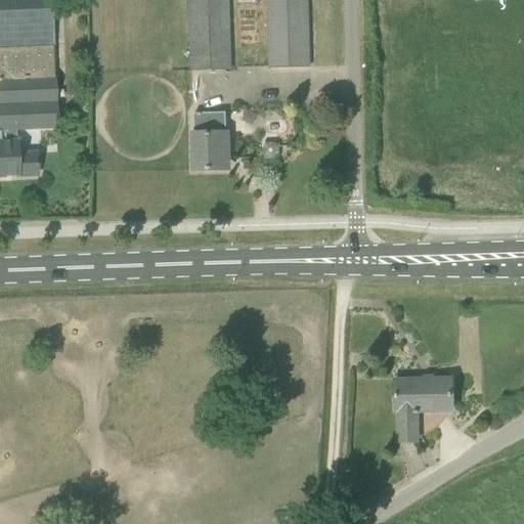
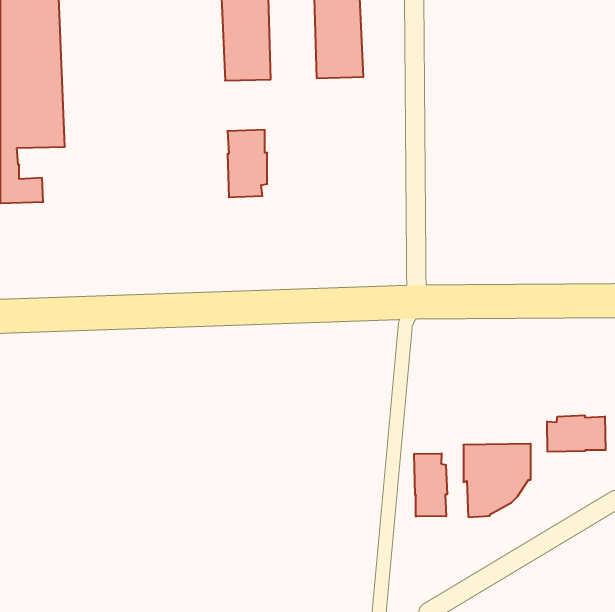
building: none -> [547,415,605,452]
building: none -> [414,453,447,517]

